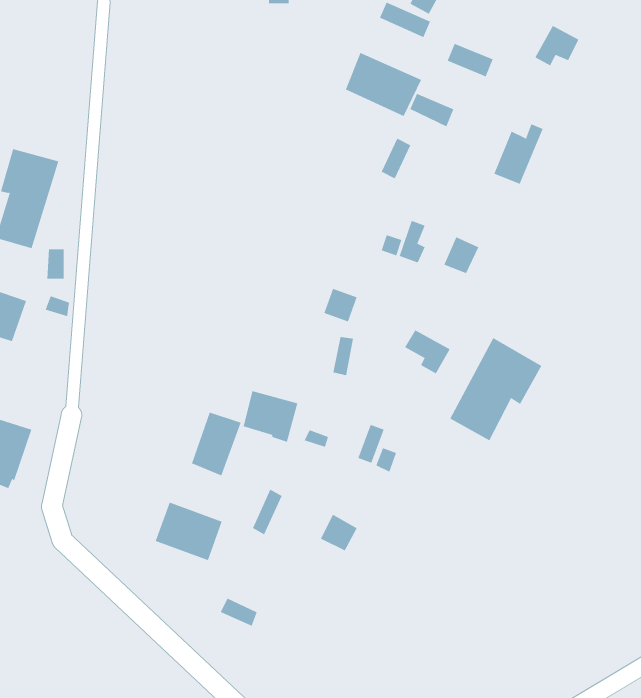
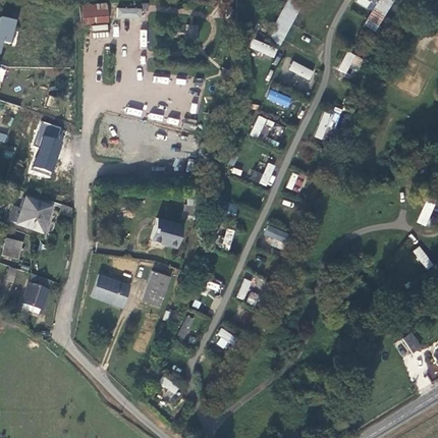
building: [345,52,422,117] -> none
building: [450,337,542,441] -> none
building: [243,391,298,442] -> [152,217,183,247]
building: [155,502,223,561] -> [92,273,130,307]

